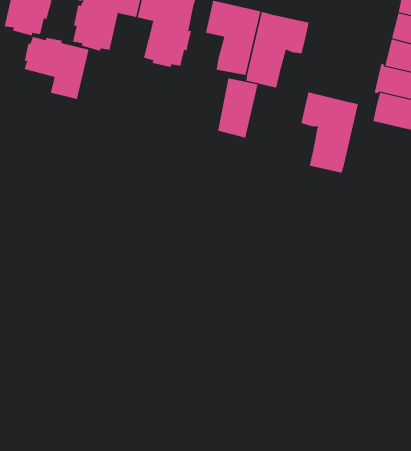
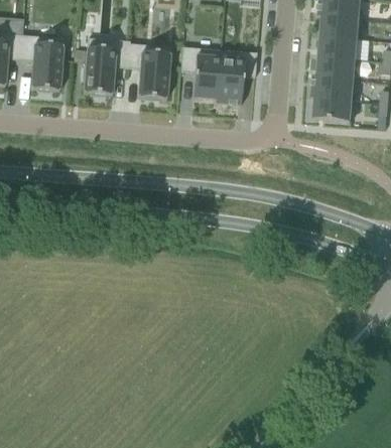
building: [24,36,89,100] -> none
building: [217,78,258,139] -> none
building: [301,92,359,174] -> none

